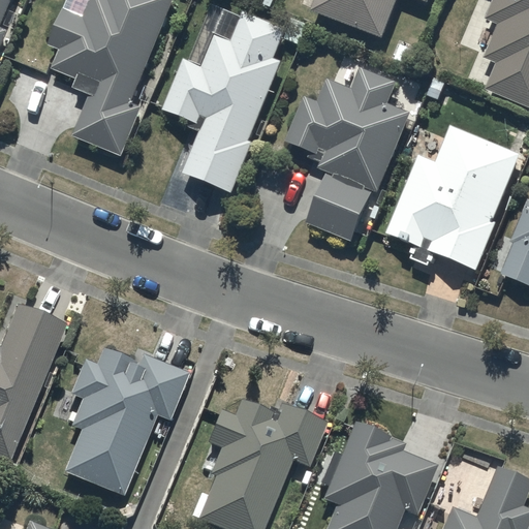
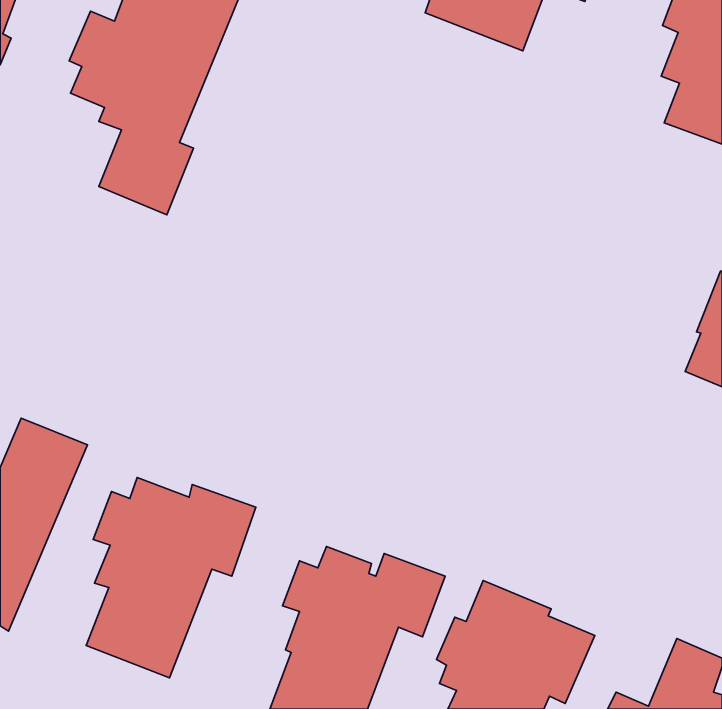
building: [164,11,308,192] -> none
building: [284,67,410,243] -> none
building: [386,124,521,270] -> none

